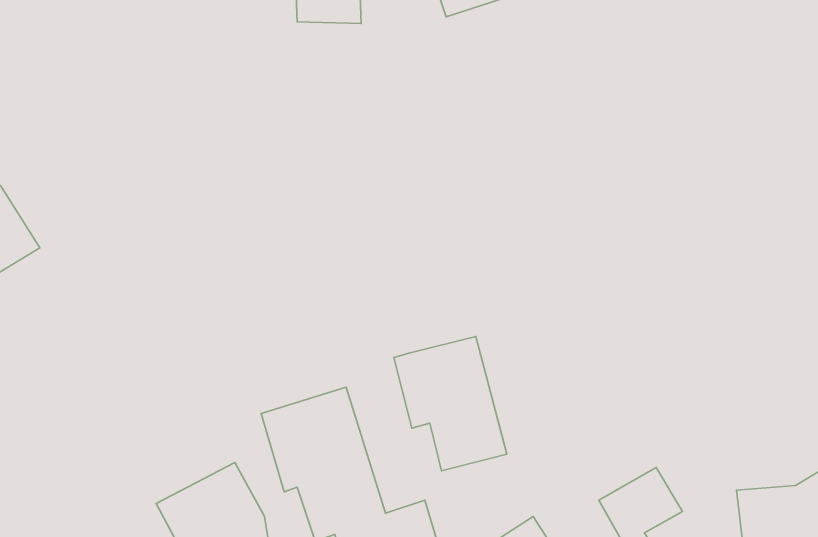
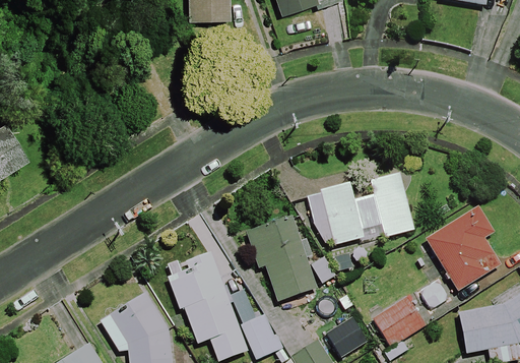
building: none -> [308,171,414,246]
building: none -> [425,204,504,291]

